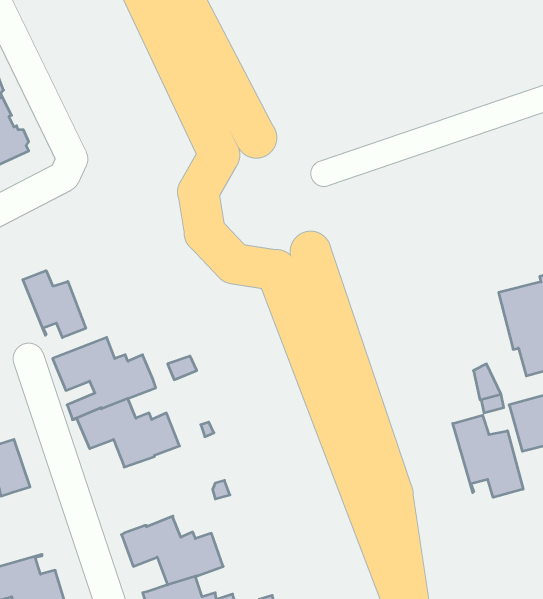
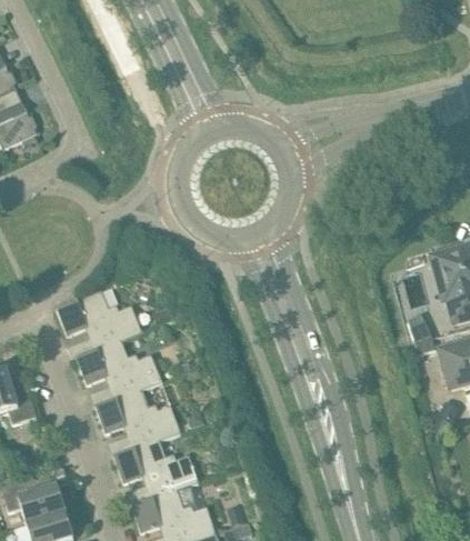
building: [23,271,86,338] -> none
building: [453,415,523,497] -> none
building: none -> [96,391,182,450]

